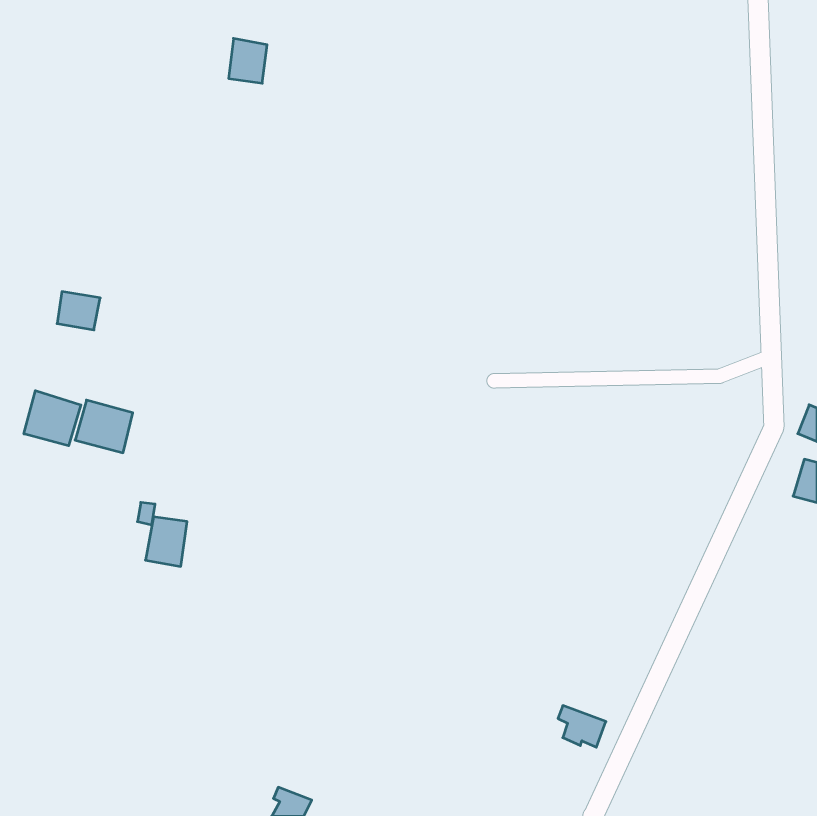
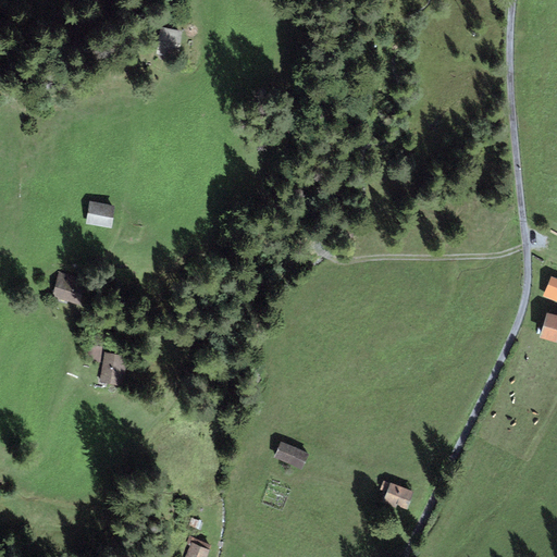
building: [57,292,100,330] -> [86,201,115,227]
building: [24,391,81,446] -> none
building: none -> [274,441,308,469]

